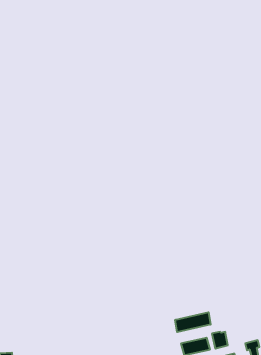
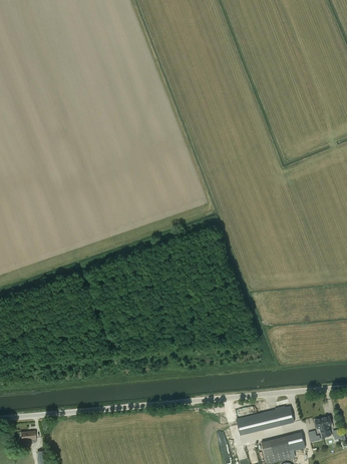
building: [175,312,211,332] -> none

